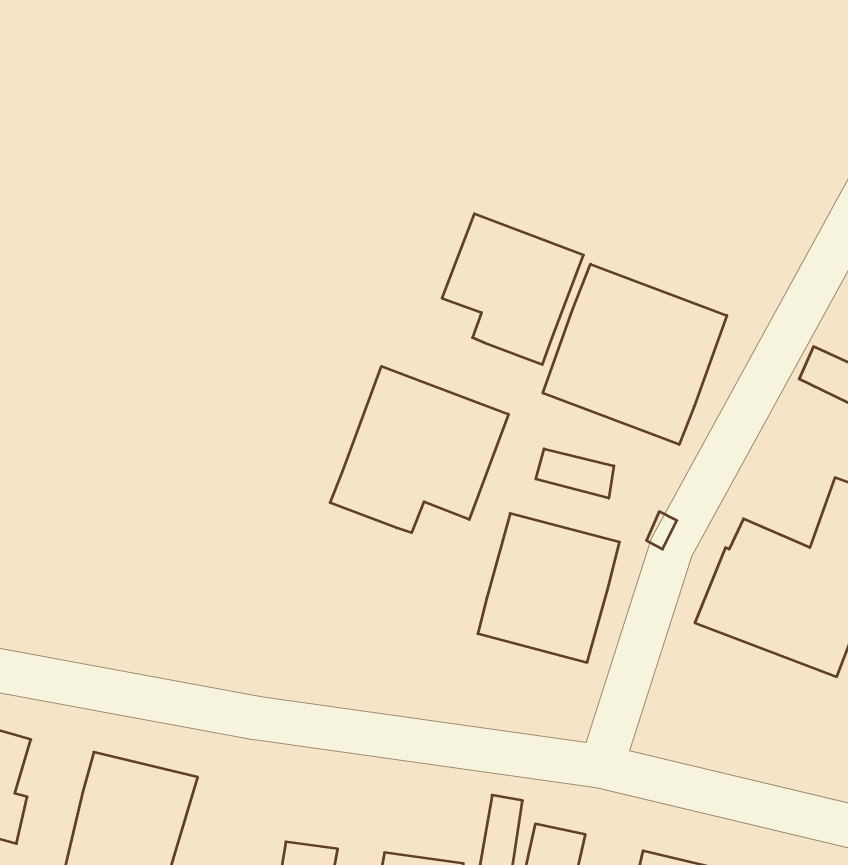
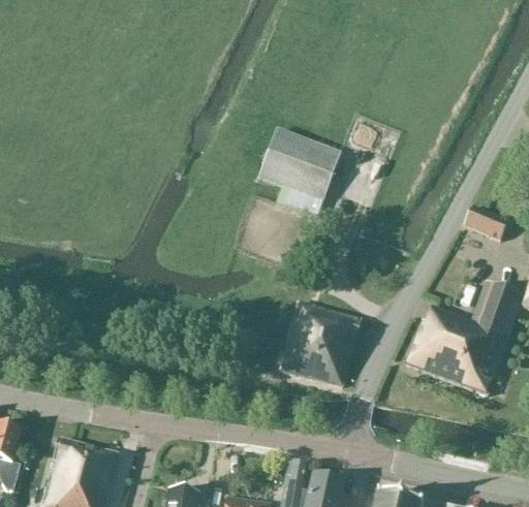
building: [543,264,727,445] -> none
building: [330,366,508,533] -> none
building: [536,449,614,498] -> none

